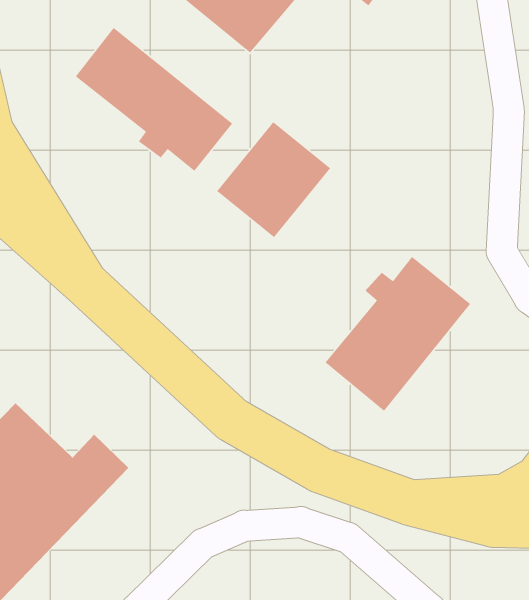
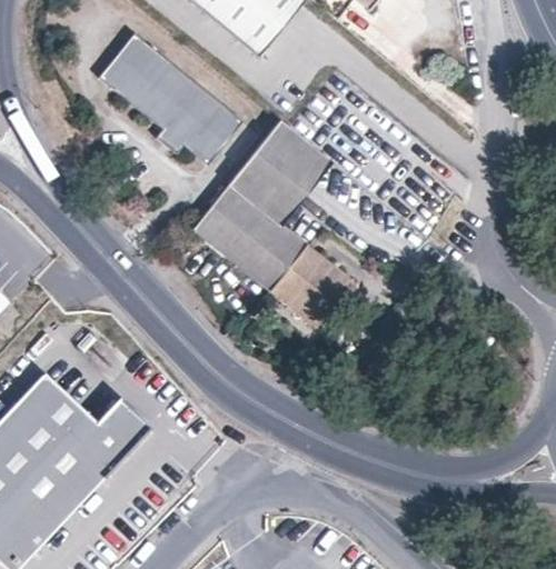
building: none -> [189,181,349,327]
building: [325,256,471,412] -> none

